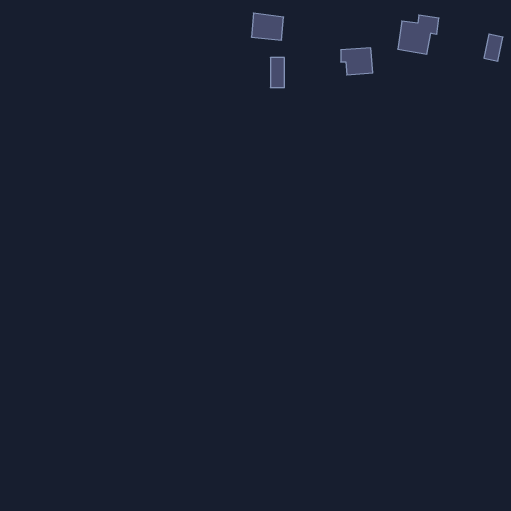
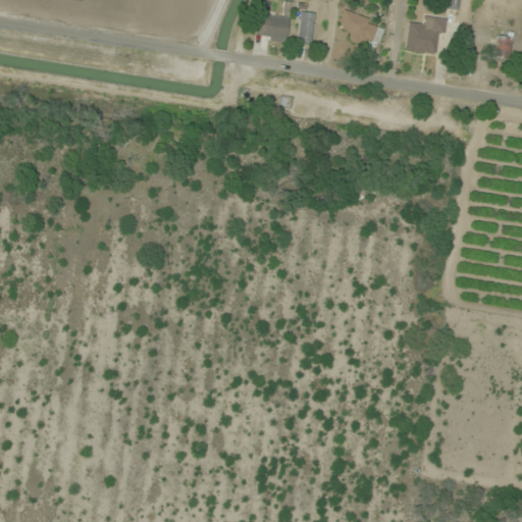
building: [341,48,373,75] -> [343,14,375,42]
building: [270,58,284,88] -> [300,12,314,43]

